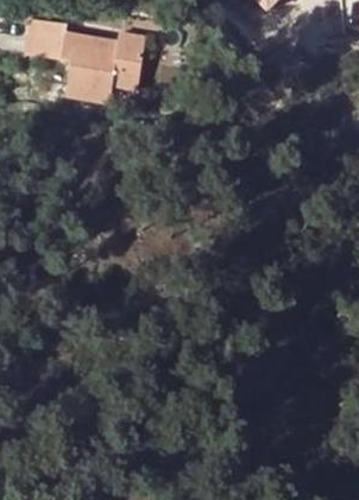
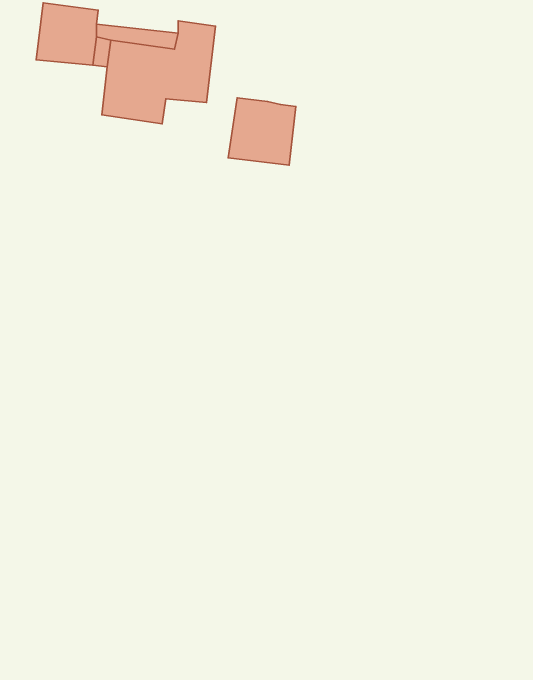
building: none -> [228,98,296,165]

